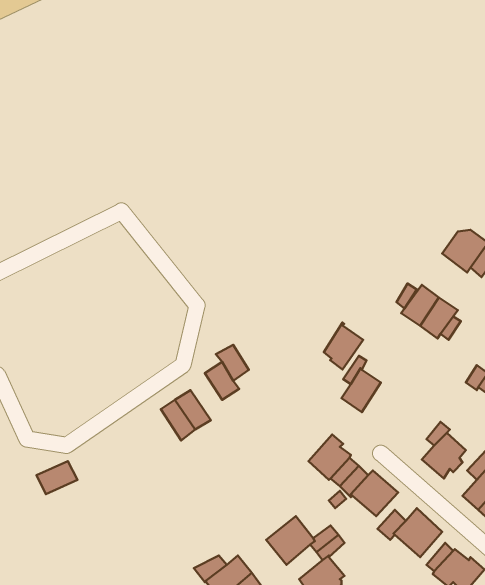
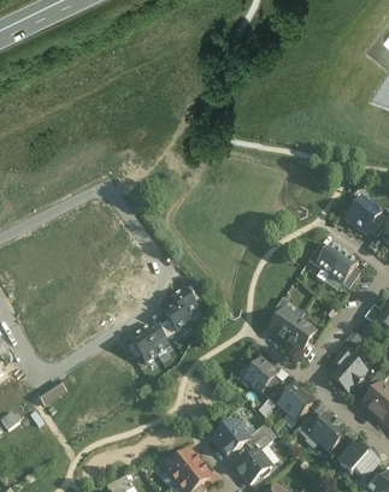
building: [324,322,363,370] -> [285,316,316,352]

